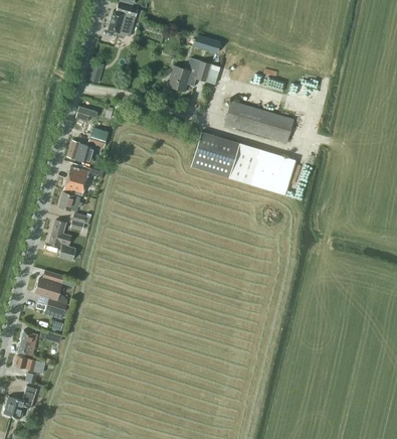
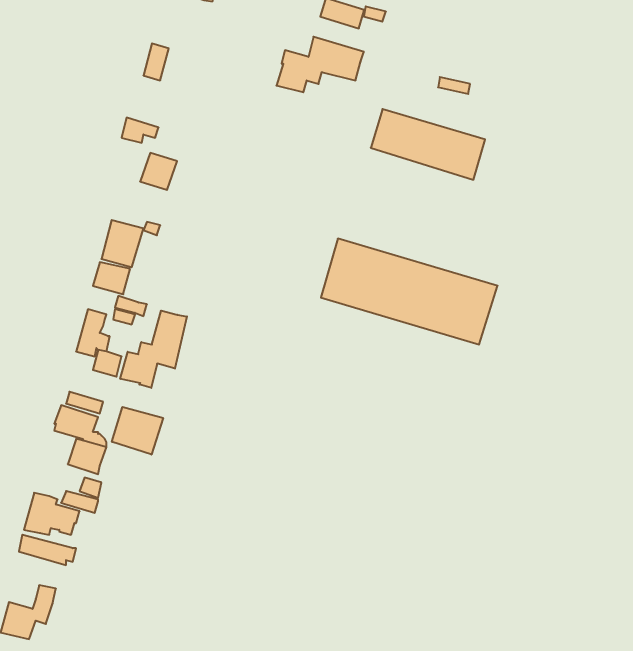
building: [190,131,295,194] -> [321,239,498,345]
building: [67,141,94,163] -> none
building: none -> [120,311,187,388]
building: none -> [112,407,163,455]

